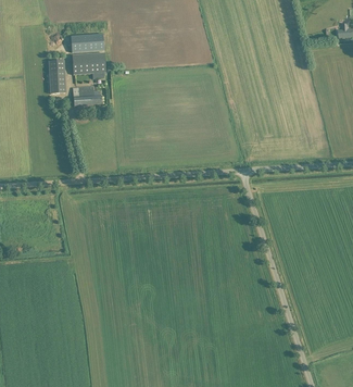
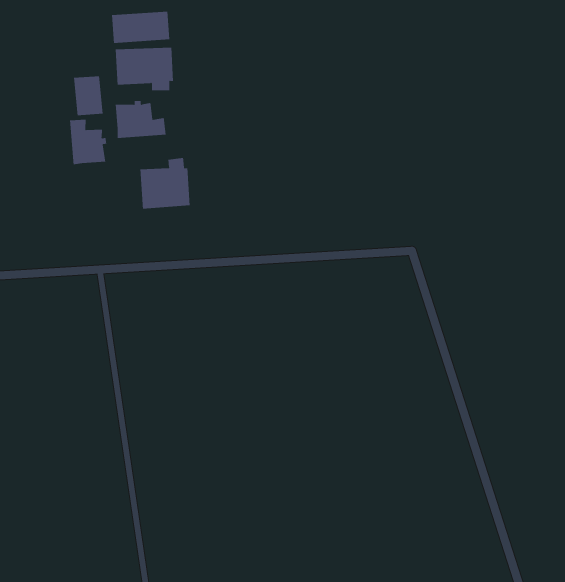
building: none -> [70,119,107,165]
building: none -> [140,157,190,209]

